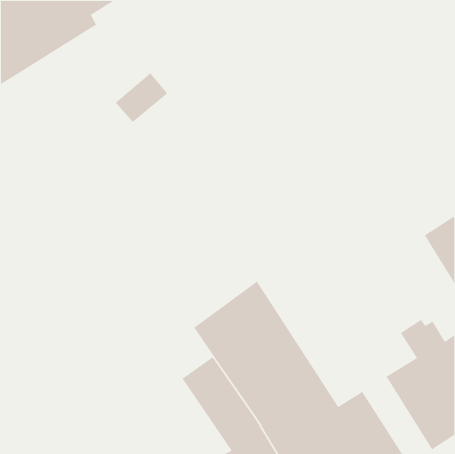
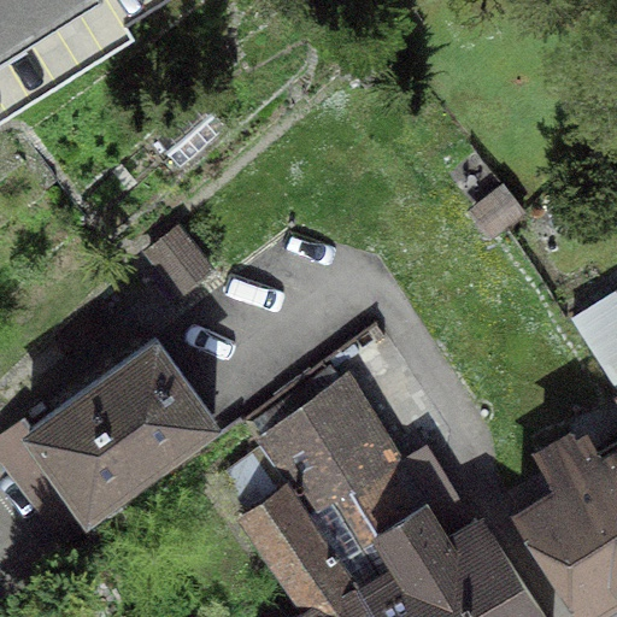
building: none -> [8,337,215,509]

